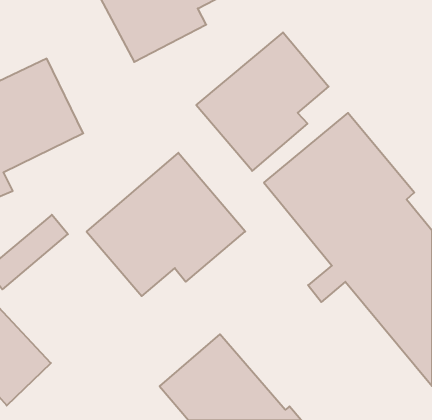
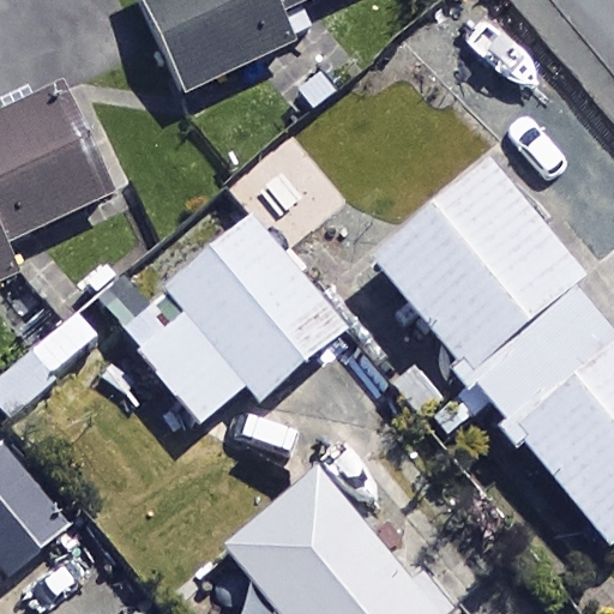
building: [196,32,329,171] -> none

